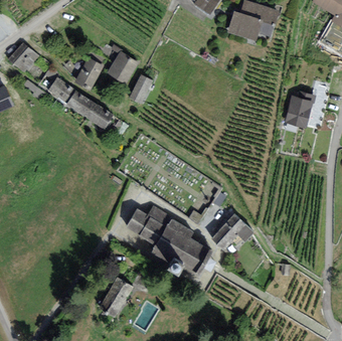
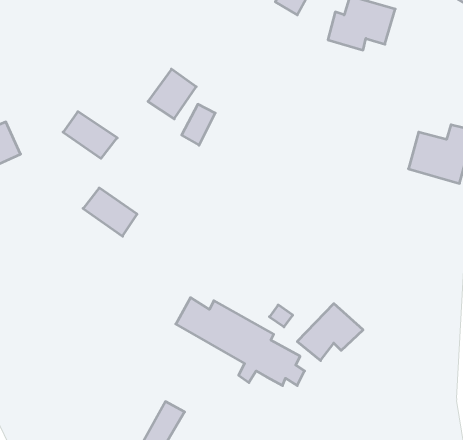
building: [8,45,38,76] -> none
building: [76,52,103,83] -> none
building: [73,98,111,131] -> [83,188,137,236]

